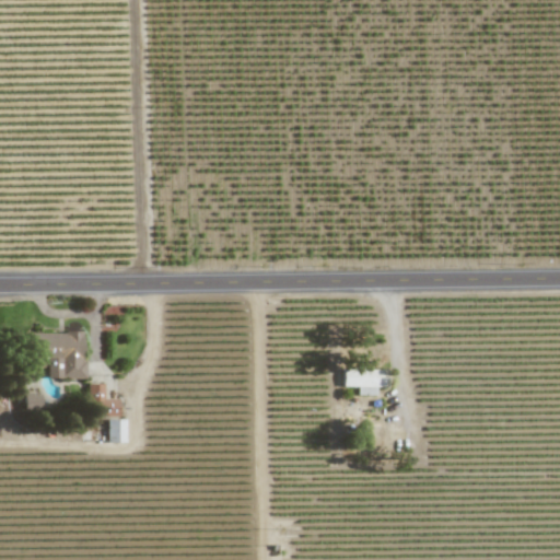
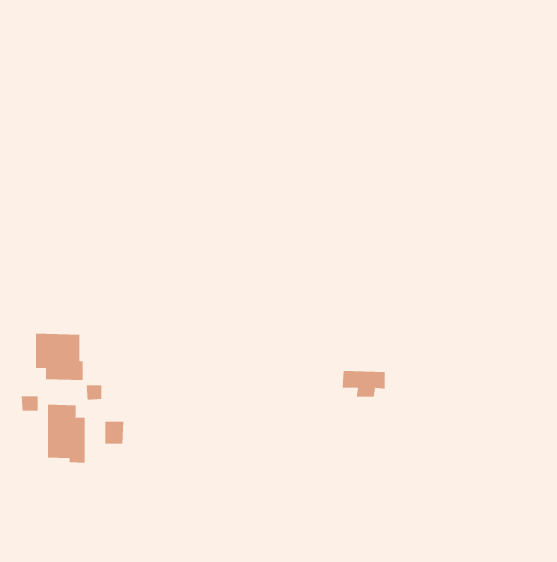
building: none -> [47,404,85,464]

